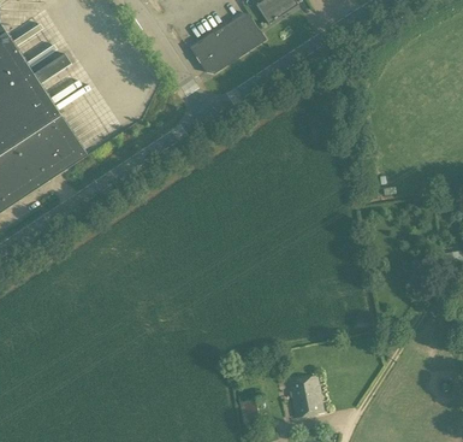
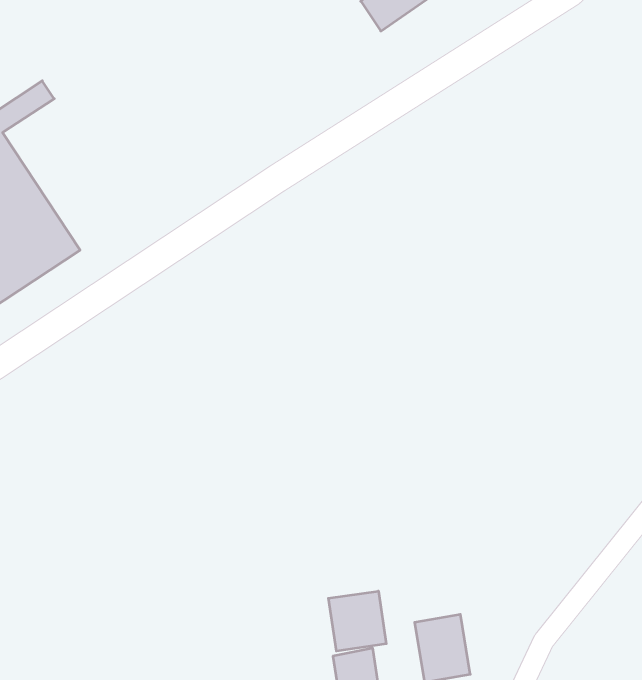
building: [190,14,263,71] -> none
building: none -> [328,591,386,651]

